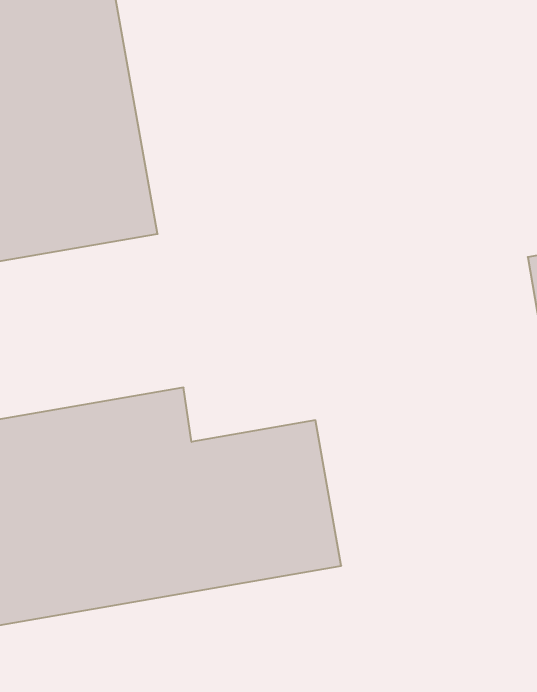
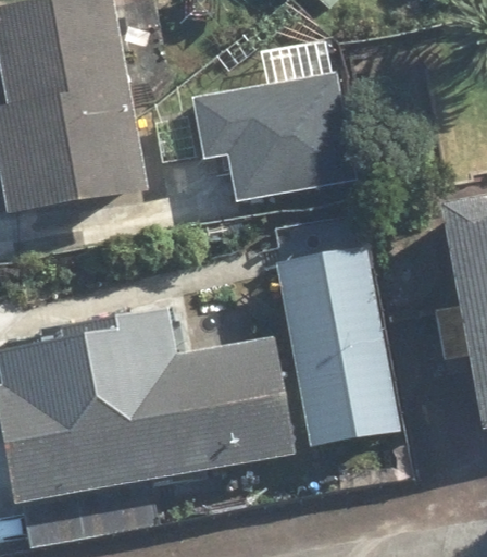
building: none -> [189,70,353,201]
building: none -> [269,239,398,447]

